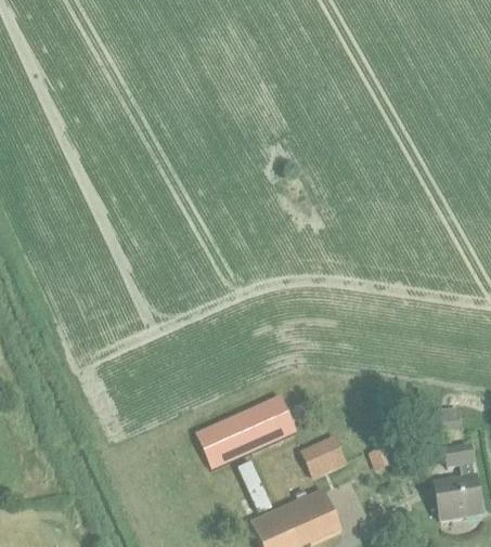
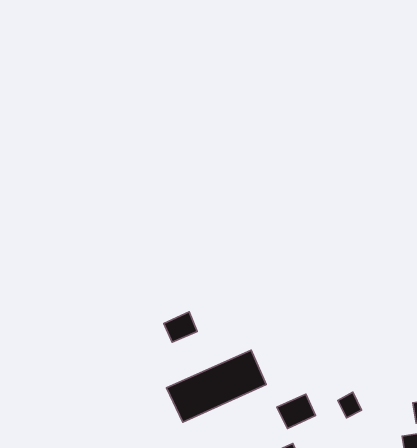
building: none -> [164,312,197,342]

